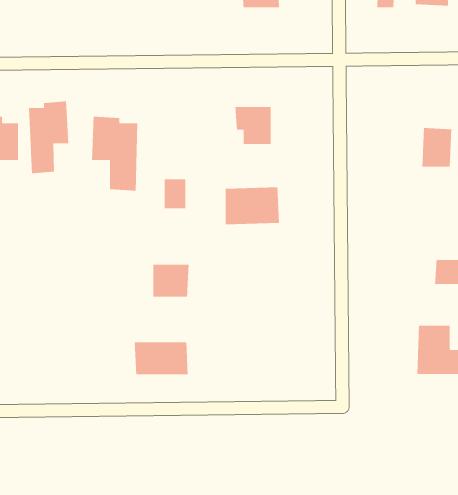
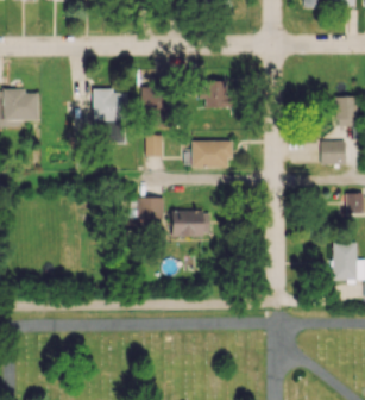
building: [28,100,69,174] -> none
building: none -> [141,92,168,121]
building: none -> [320,140,345,164]
building: [134,342,189,375] -> [170,211,210,236]

